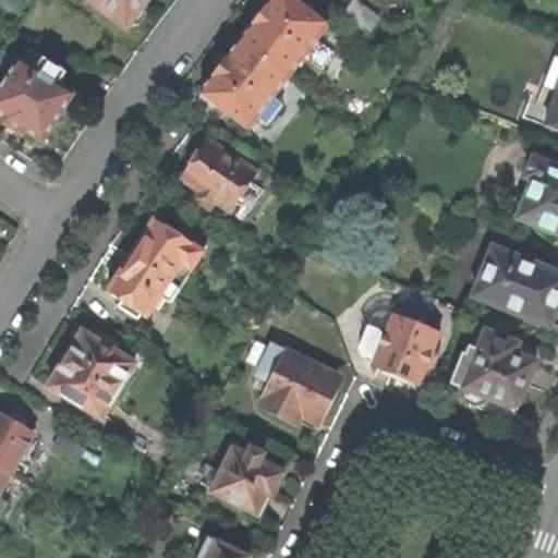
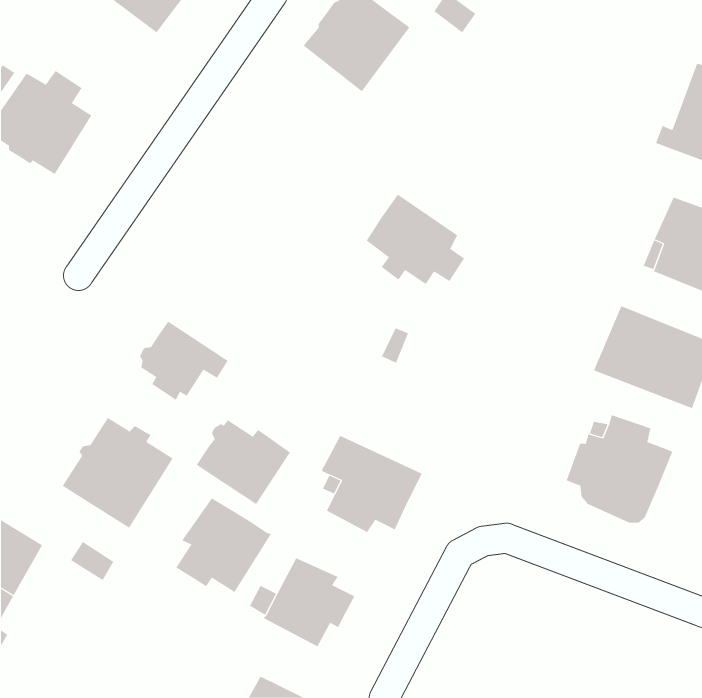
building: [202,36,288,126] -> none
building: [185,137,264,209] -> [366,194,465,285]
building: [134,218,209,286] -> [196,419,291,505]
building: [356,313,435,380] -> none
building: none -> [175,497,272,593]

